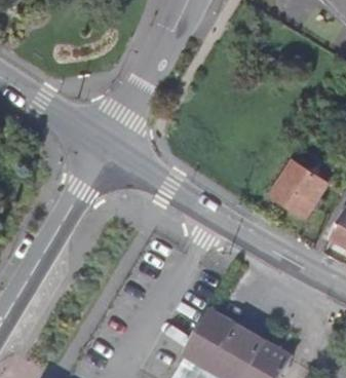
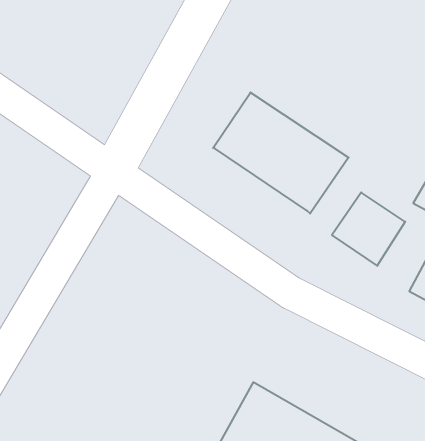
building: none -> [213,92,349,214]

